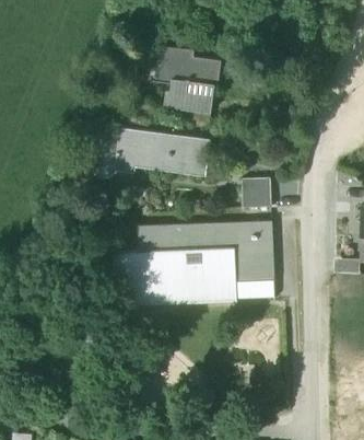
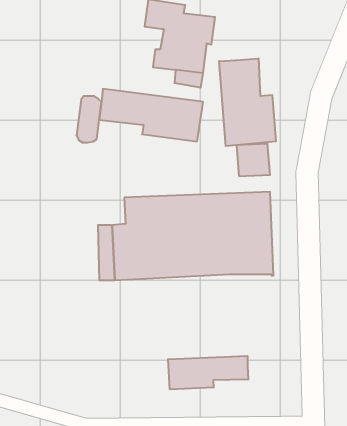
building: none -> [219,58,276,146]
building: none -> [168,356,248,389]

